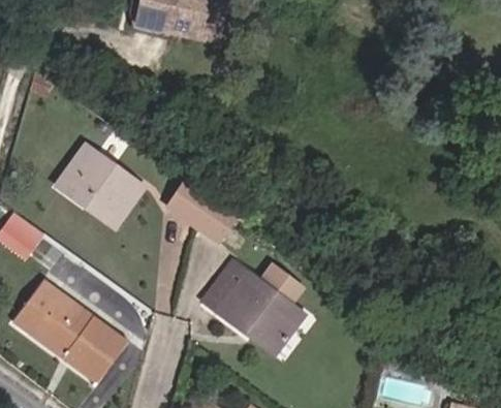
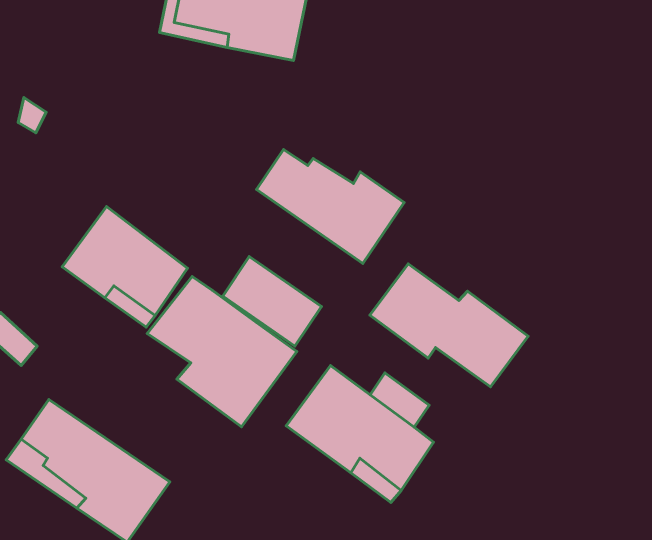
building: none -> [256,150,404,264]
building: none -> [370,264,528,387]
building: none -> [147,276,297,427]

